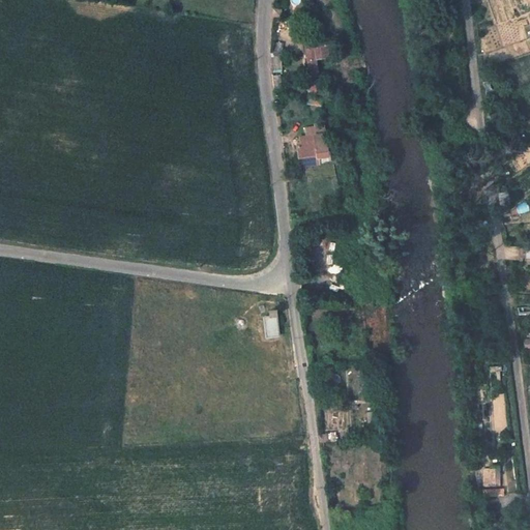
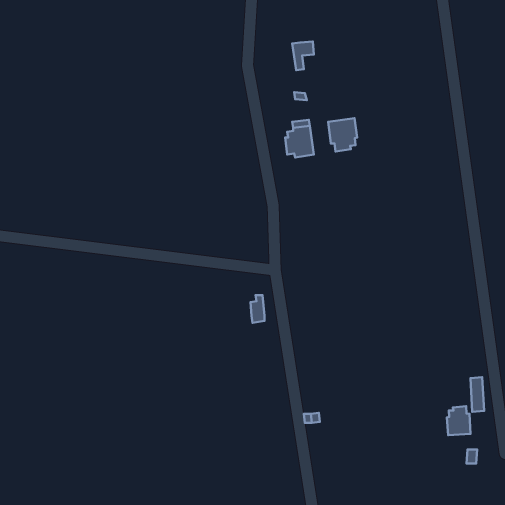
building: none -> [328,118,357,152]
building: none -> [447,406,471,435]

